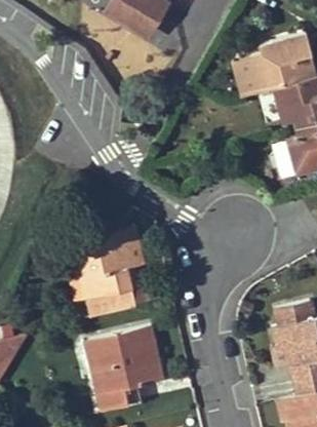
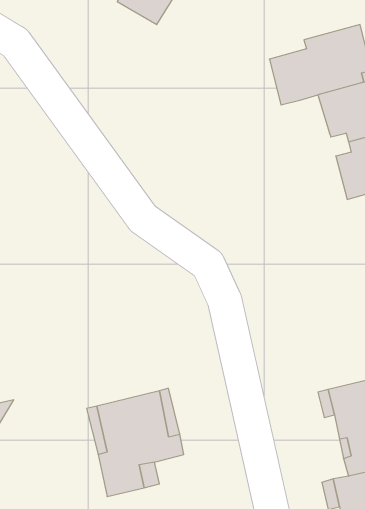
building: [74,225,147,317] -> none

